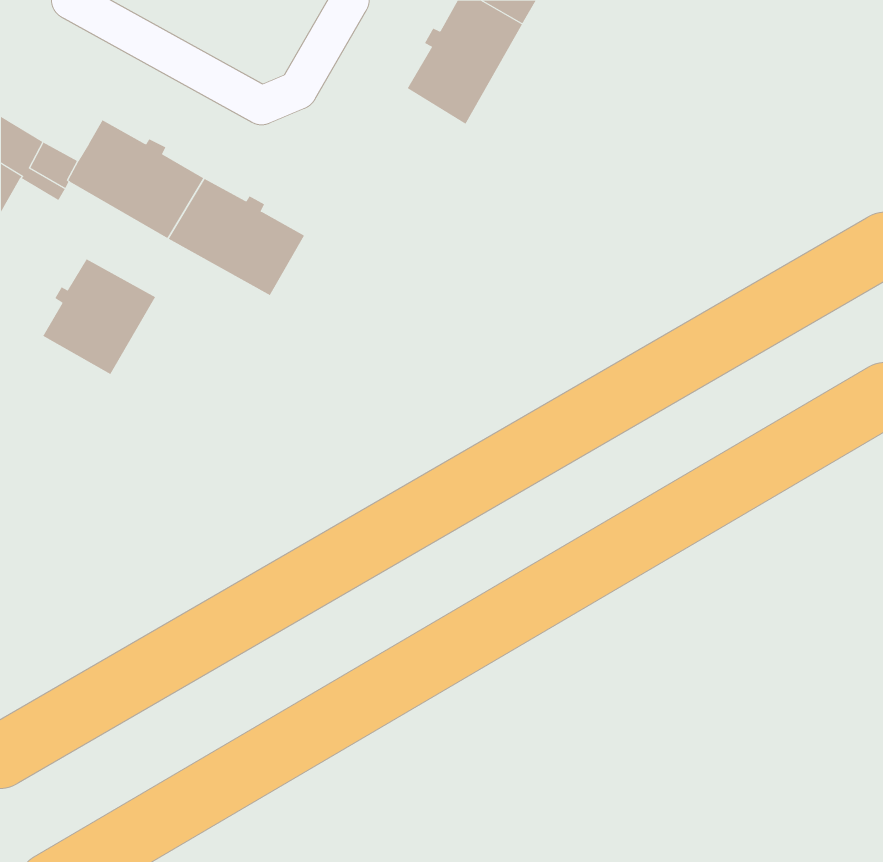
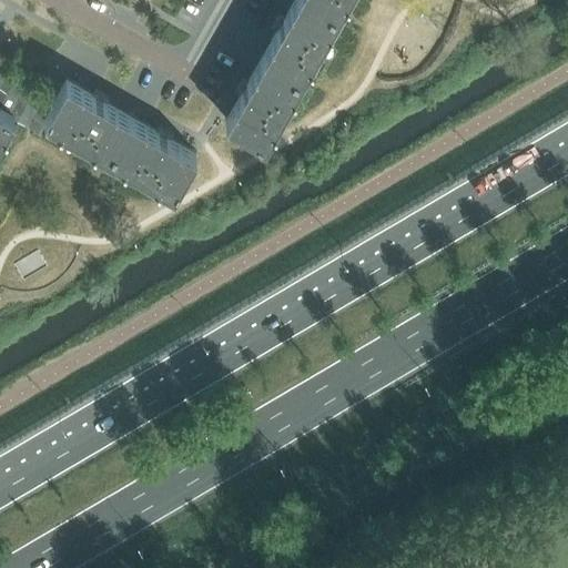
building: none -> [226,71,300,154]
building: [43,259,156,375] -> none

